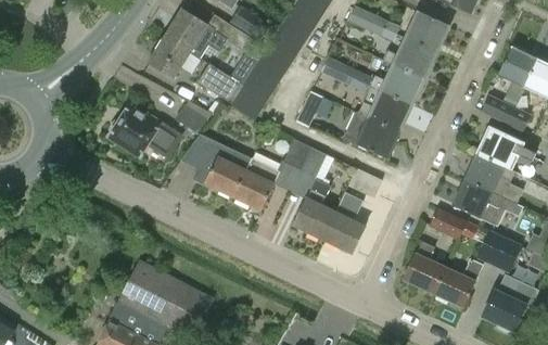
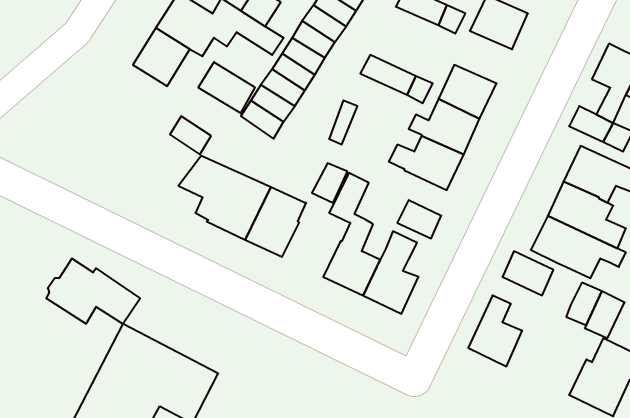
building: [382,38,436,78] -> none
building: [109,106,180,156] -> [46,258,140,324]
building: [432,257,482,308] -> none

